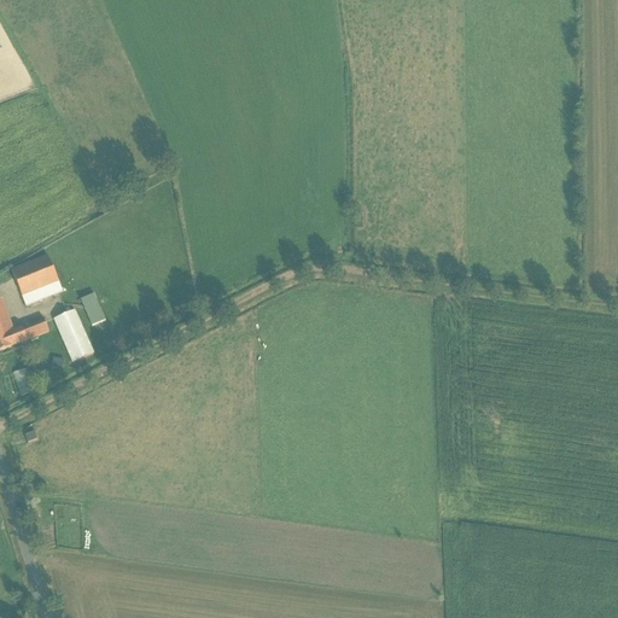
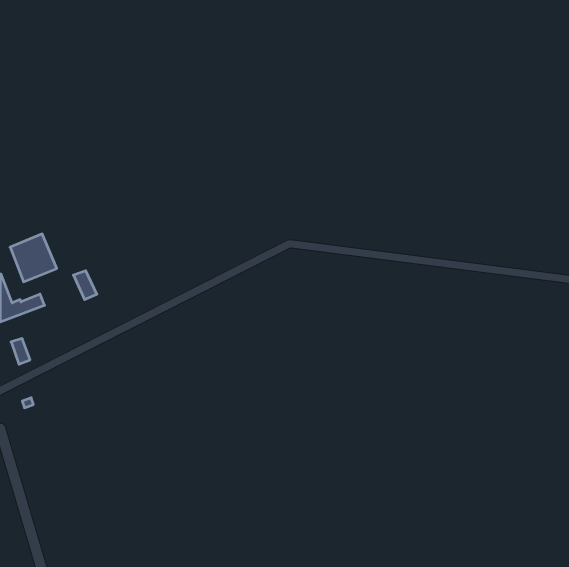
building: [53,309,93,361] -> none

